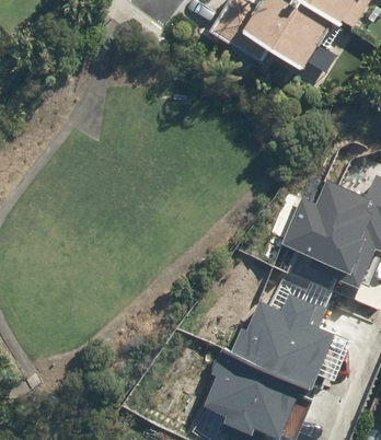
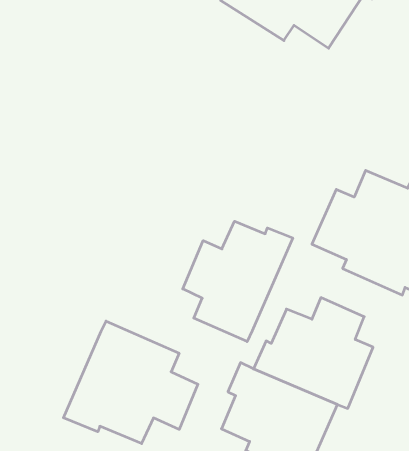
building: none -> [183,221,293,342]
building: none -> [63,321,198,444]

